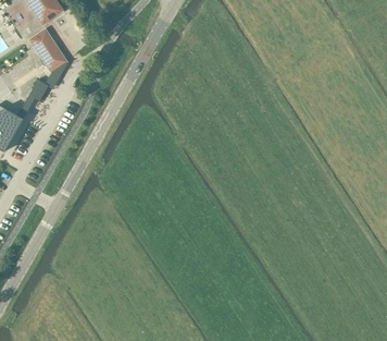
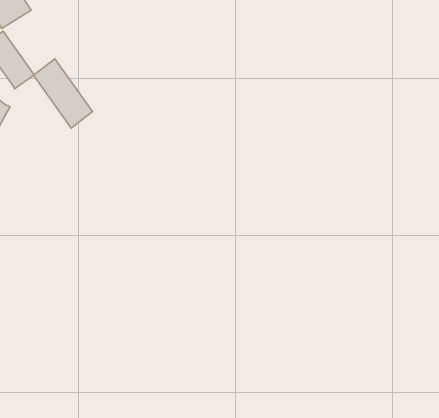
building: none -> [34,59,92,128]

